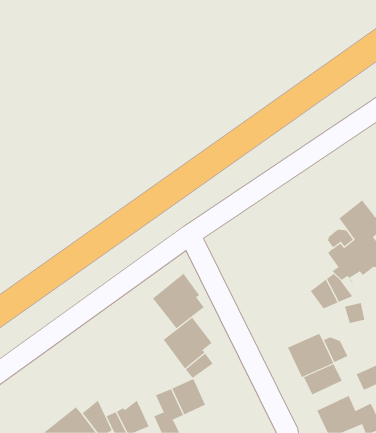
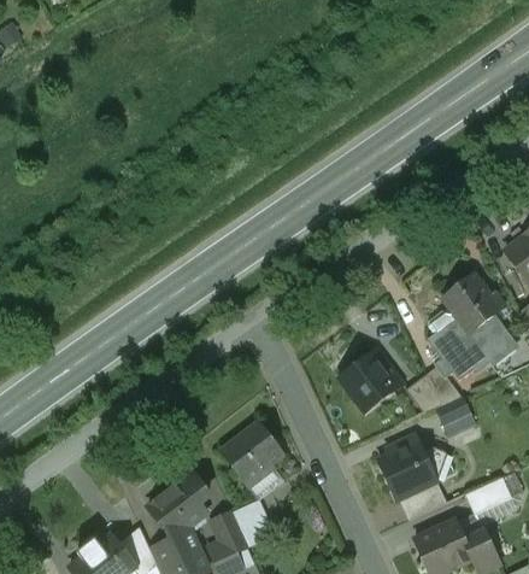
building: none -> [339,352,398,412]
building: [152,273,205,329] -> none
building: none -> [148,472,208,538]

